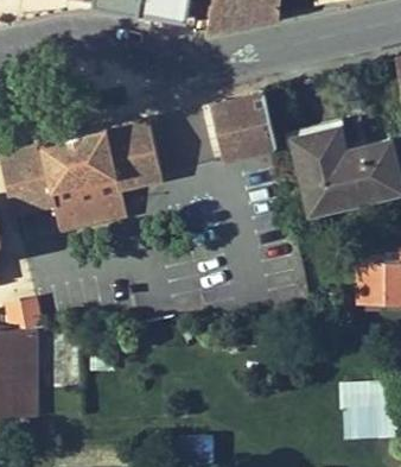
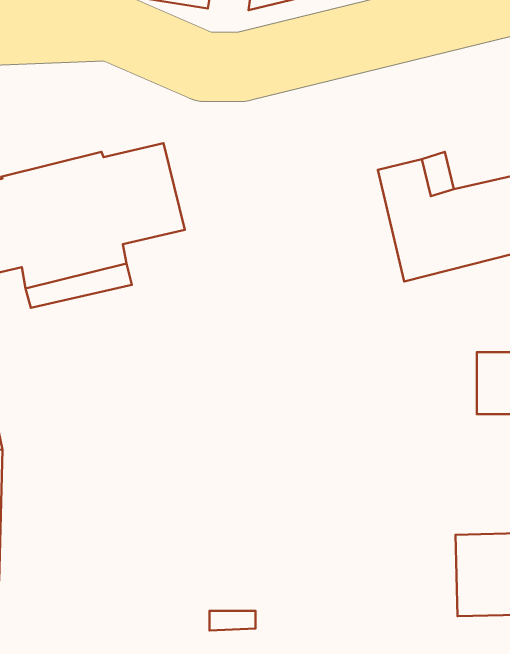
building: [211,90,278,158] -> none

